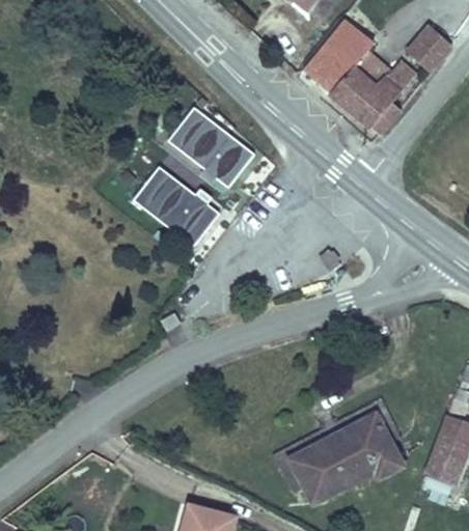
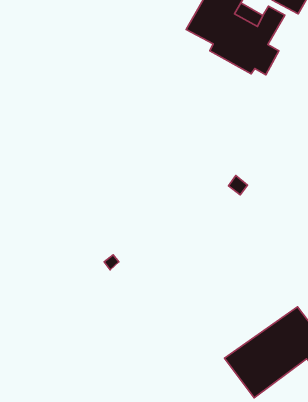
building: [168,108,255,188] -> none
building: [133,167,221,248] -> none

